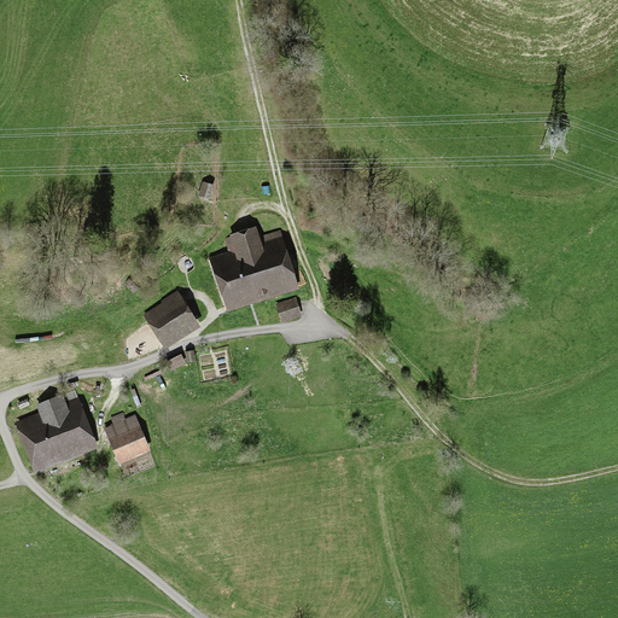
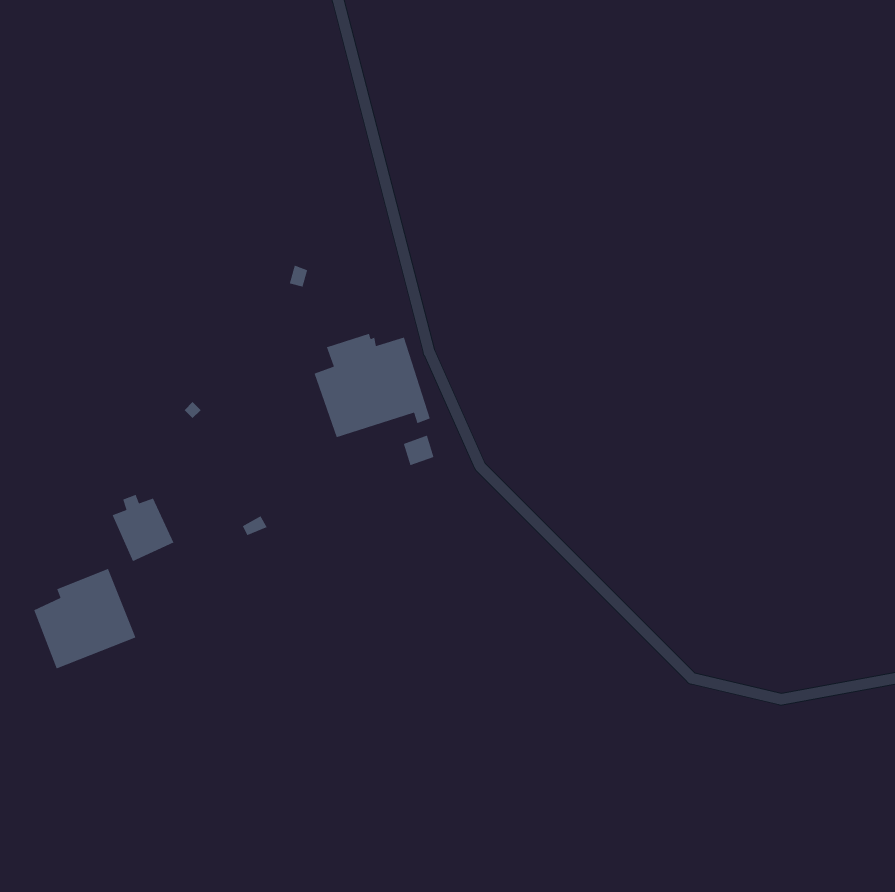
building: [145,296,196,344] -> none
building: [105,416,148,464] -> [112,494,175,562]

